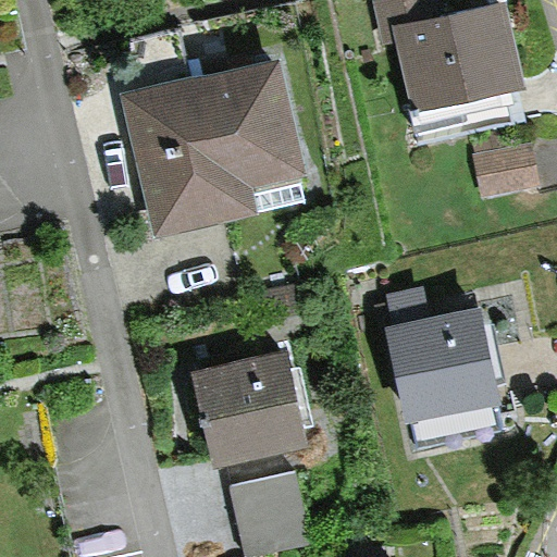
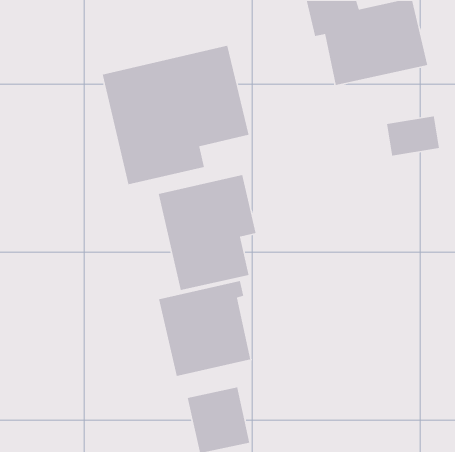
building: none -> [158,174,257,291]
building: [385,311,503,422] -> none

